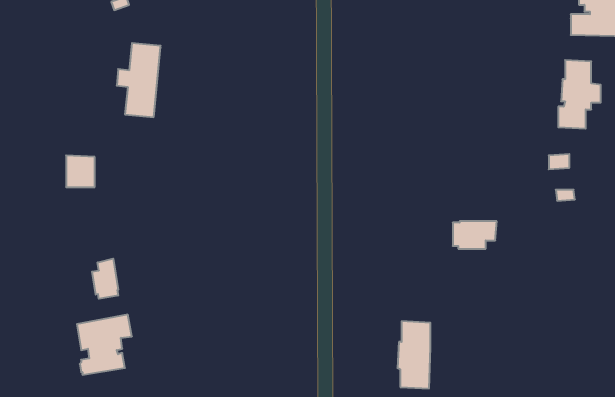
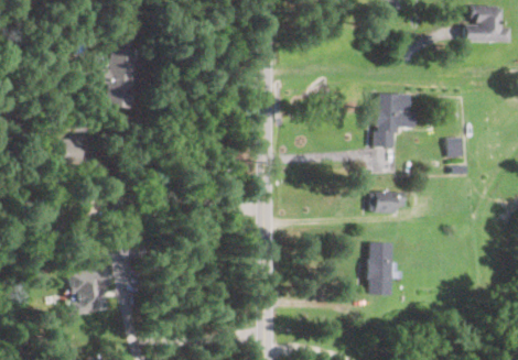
building: [558,60,601,129] -> [374,92,408,148]
building: [92,259,118,299] -> none
building: [397,321,430,388] -> [367,241,393,295]

